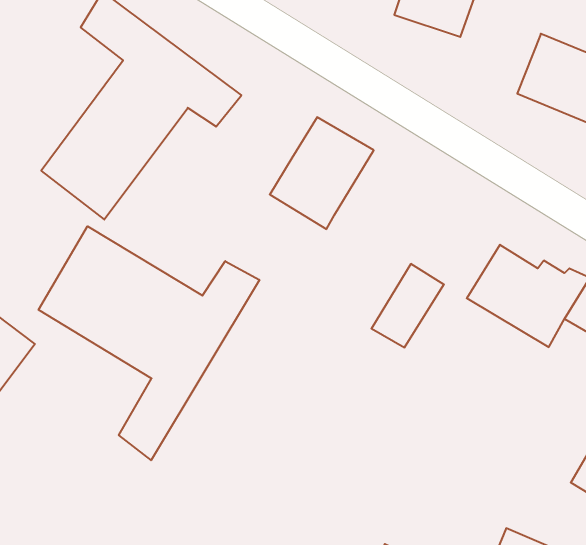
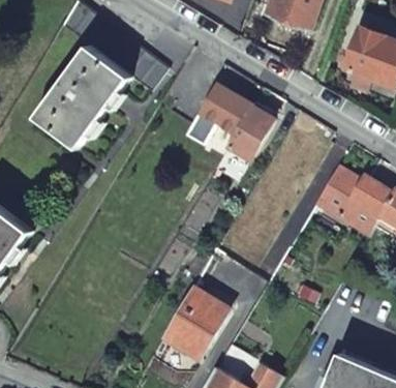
building: [39,226,259,460] -> none
building: [371,264,444,347] -> [226,105,274,159]
building: none -> [161,287,226,358]

